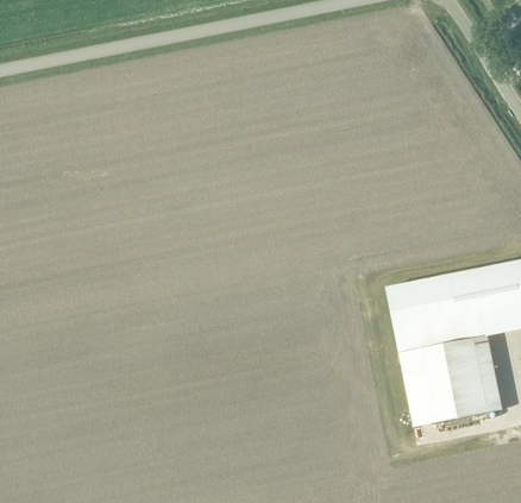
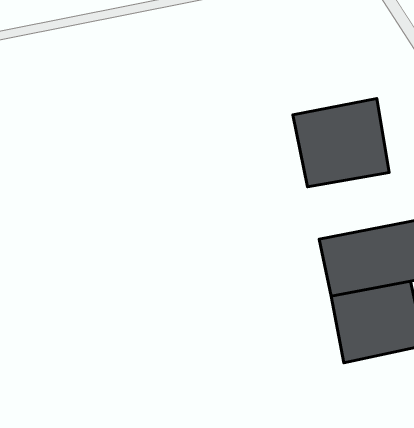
building: none -> [293,98,389,187]

